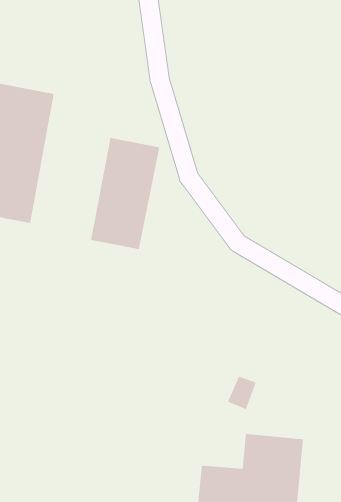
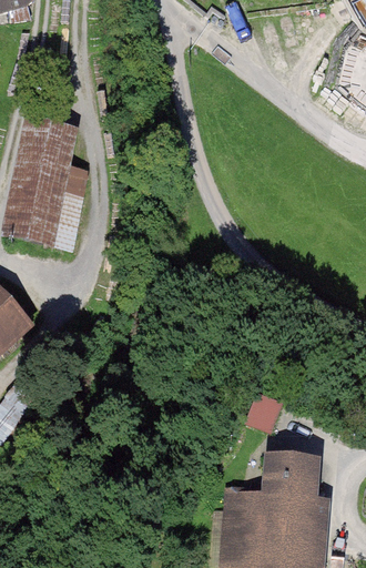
building: [90,137,160,250] -> none

